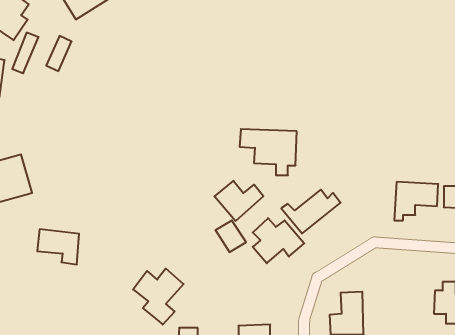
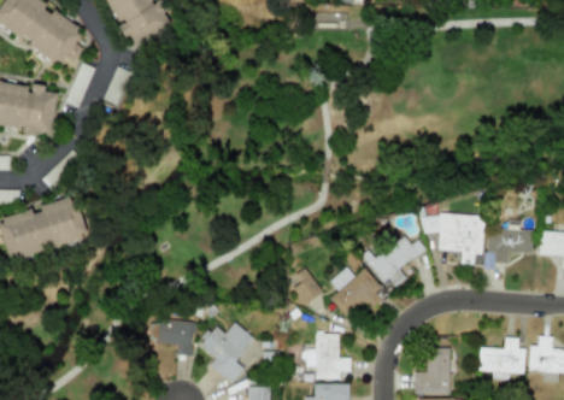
building: [240,129,297,175] -> [422,213,484,264]
building: [214,181,263,221] -> none
building: [37,229,79,264] -> [149,318,195,357]
building: none -> [304,333,352,380]
building: none -> [478,337,525,381]

